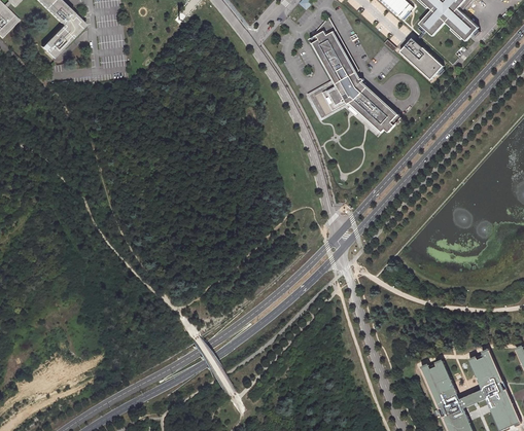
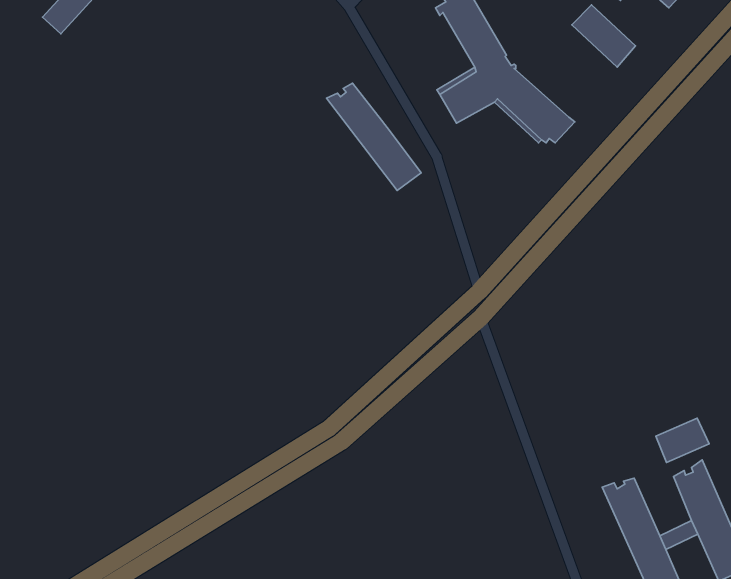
building: none -> [327,83,421,191]
building: none -> [656,418,709,463]

